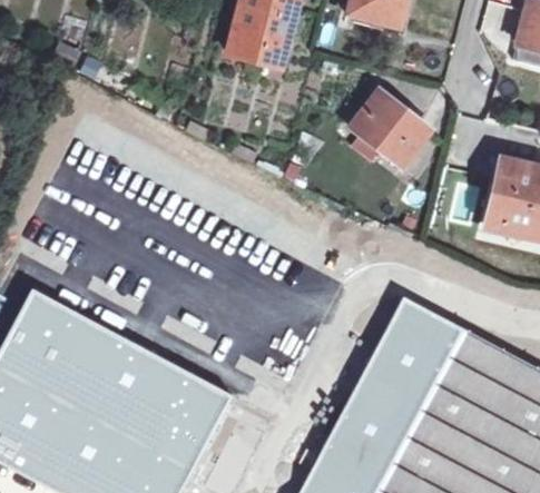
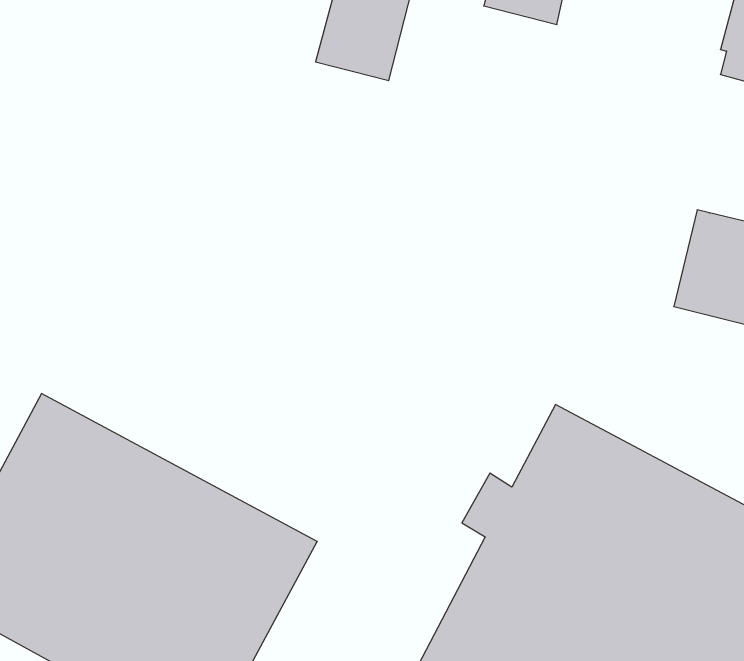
building: [352,89,430,168] -> none

